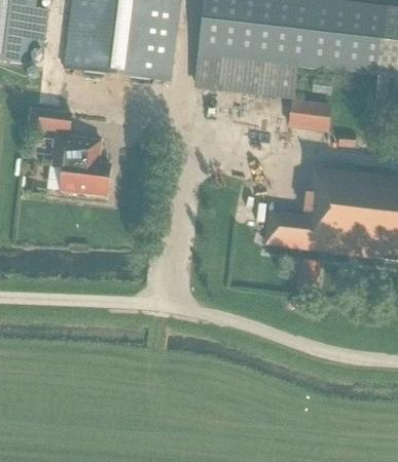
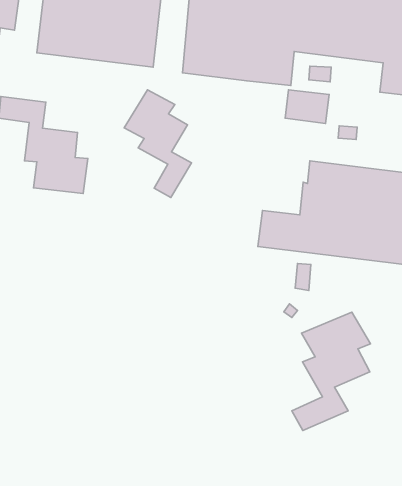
building: none -> [124,90,192,198]
building: none -> [292,312,370,430]

